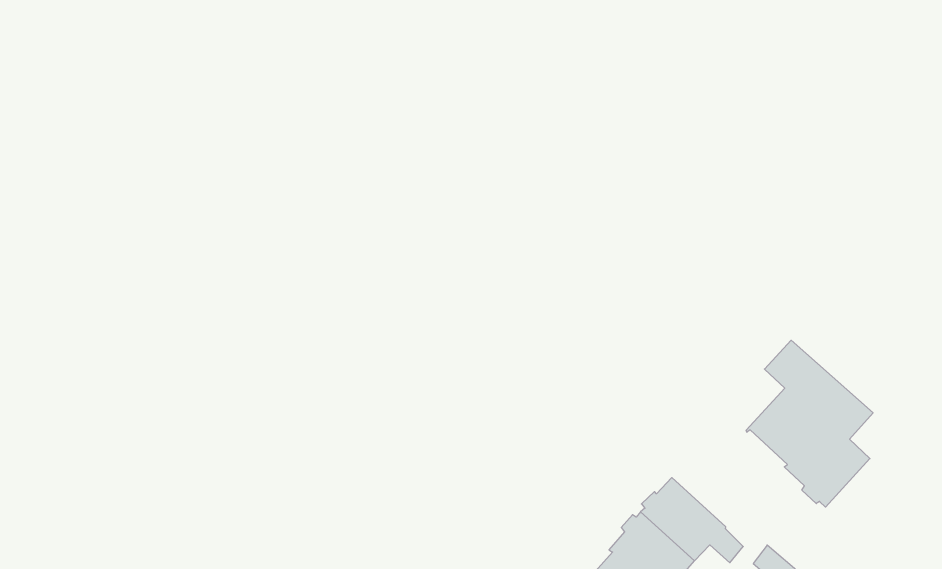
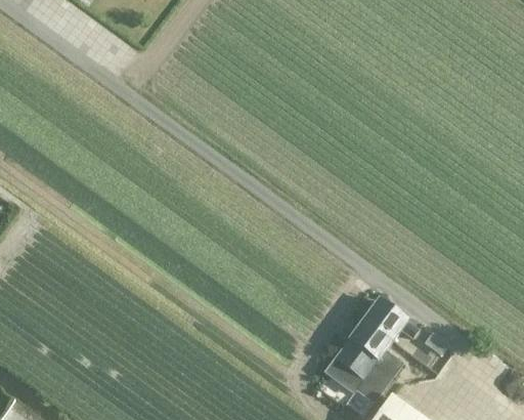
building: [746,340,873,507] -> none

